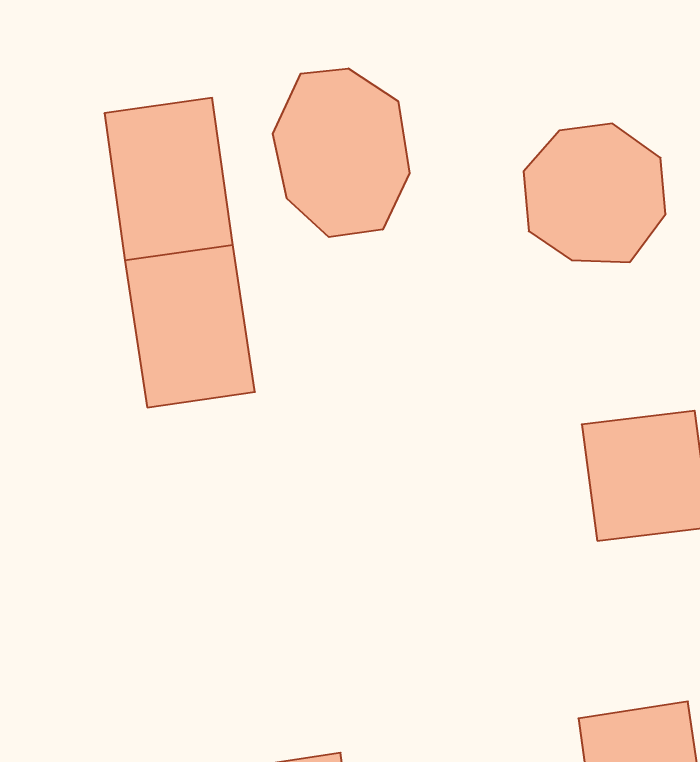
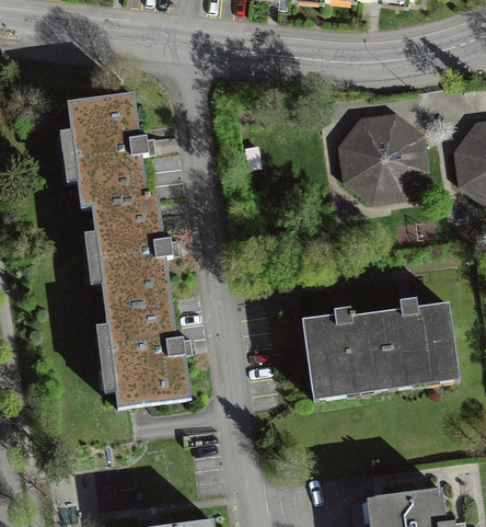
building: [273,68,410,237] -> none
building: none -> [97,287,182,410]
building: none -> [299,308,385,392]

